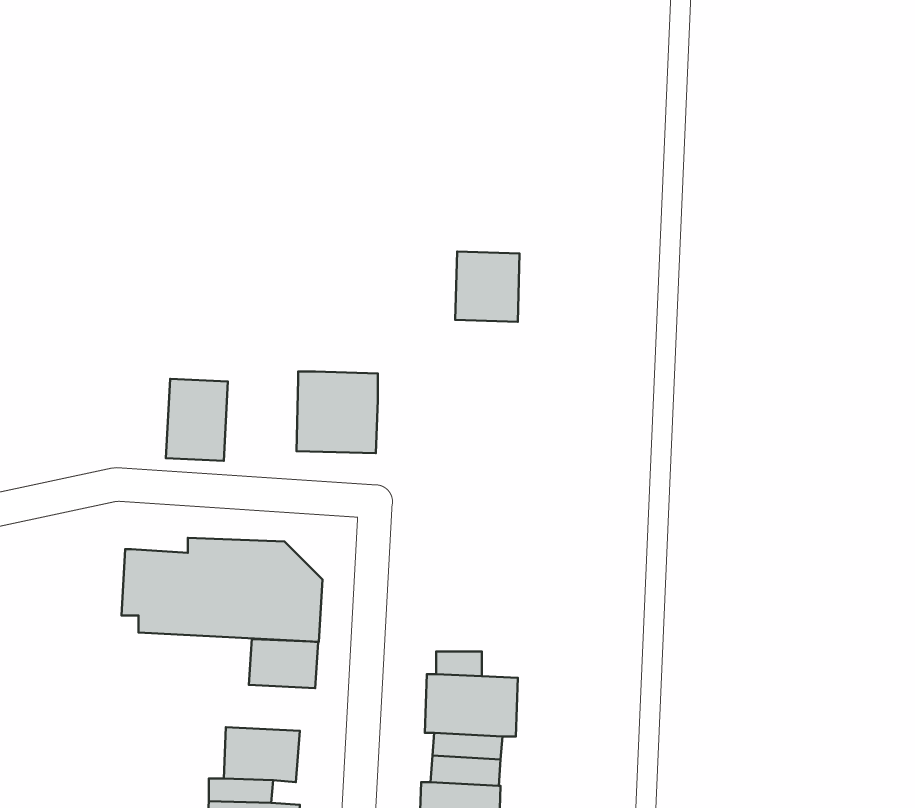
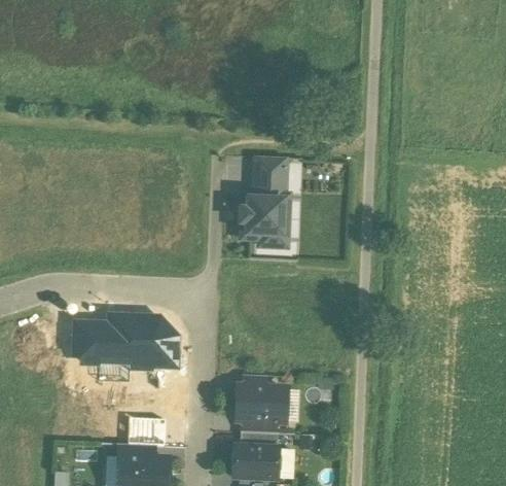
building: [296,372,378,453] -> [242,197,286,241]
building: [166,379,228,461] -> none
building: [249,639,318,688] -> none

